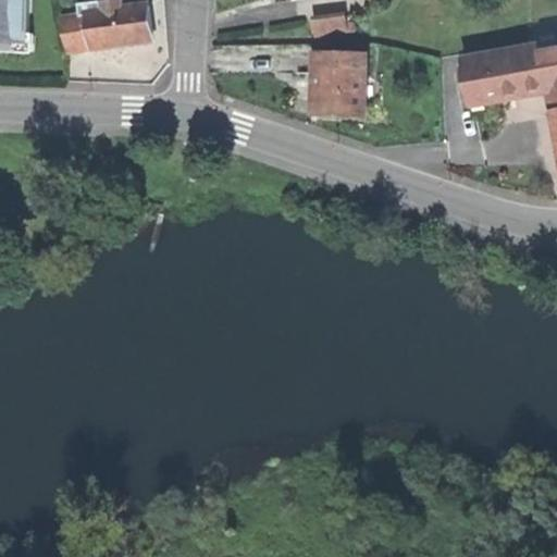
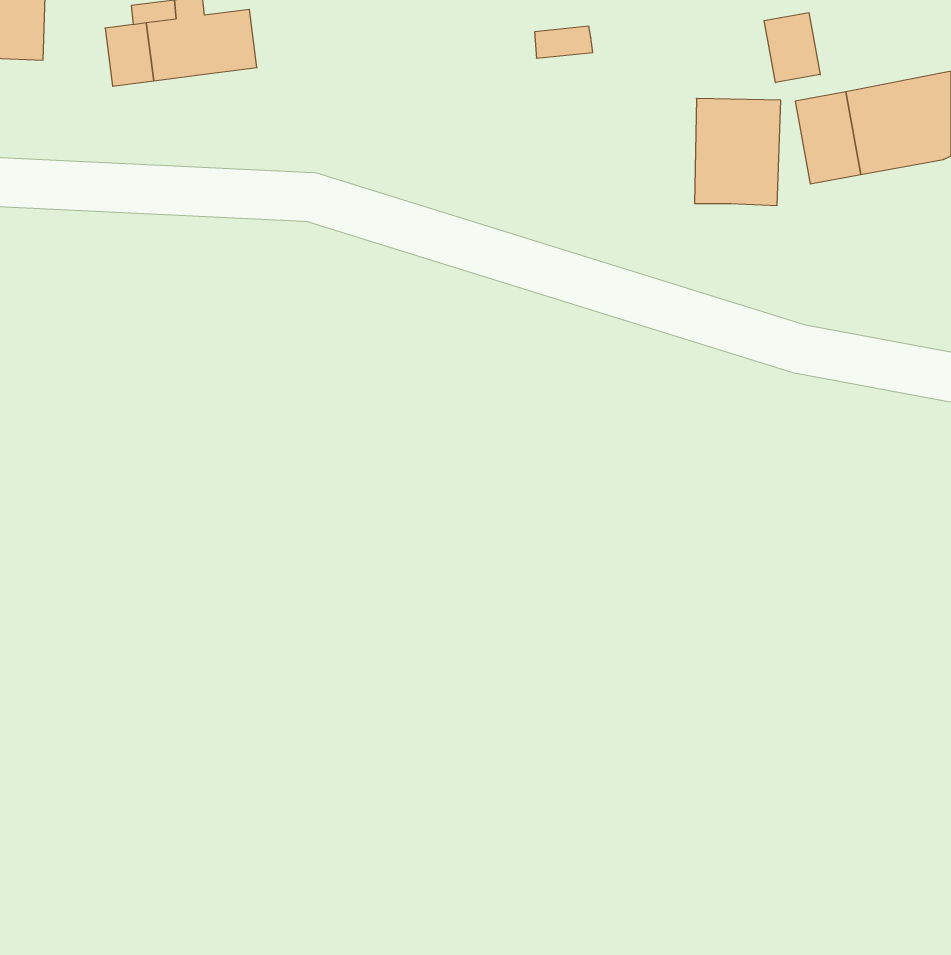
building: none -> [764,13,820,83]
building: [312,53,362,115] -> [695,98,781,205]

